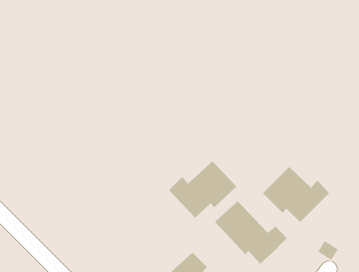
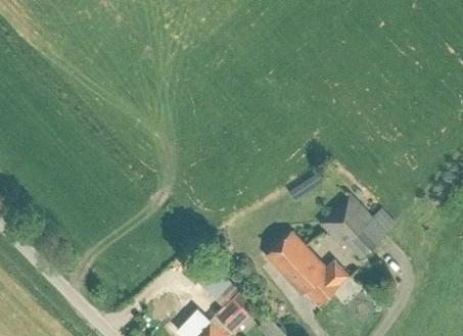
building: [168,161,237,219] -> none

